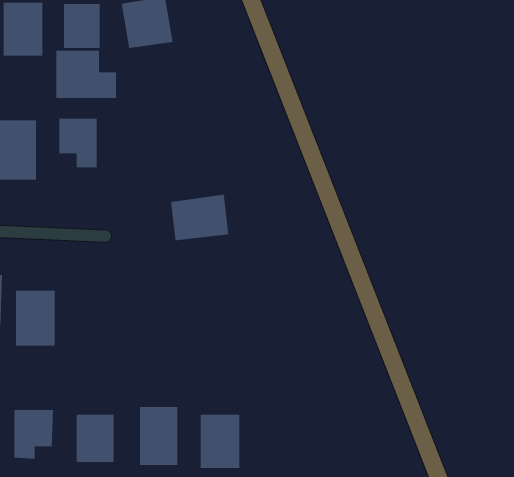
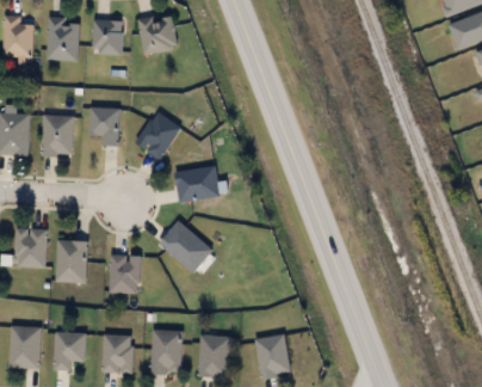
building: [56,50,117,99] -> none
building: none -> [135,111,181,159]
building: none -> [159,220,212,274]
building: none -> [110,256,140,293]
building: none -> [254,334,291,379]

